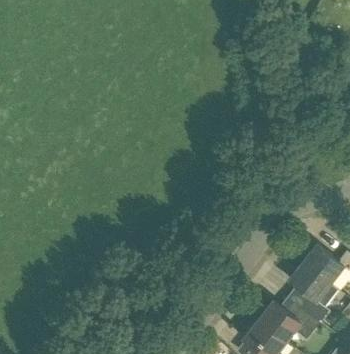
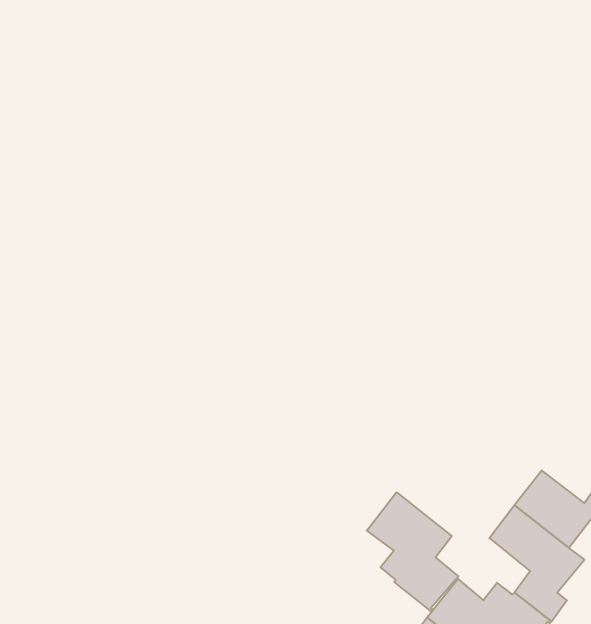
building: none -> [367,492,458,612]

